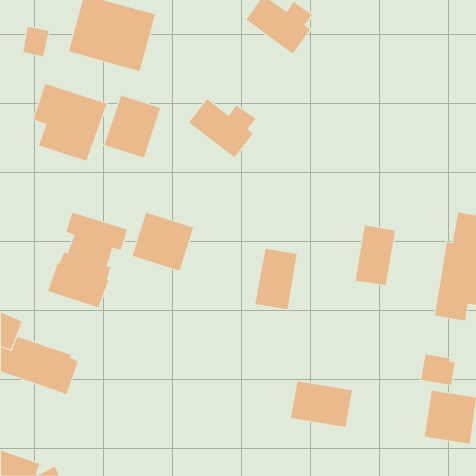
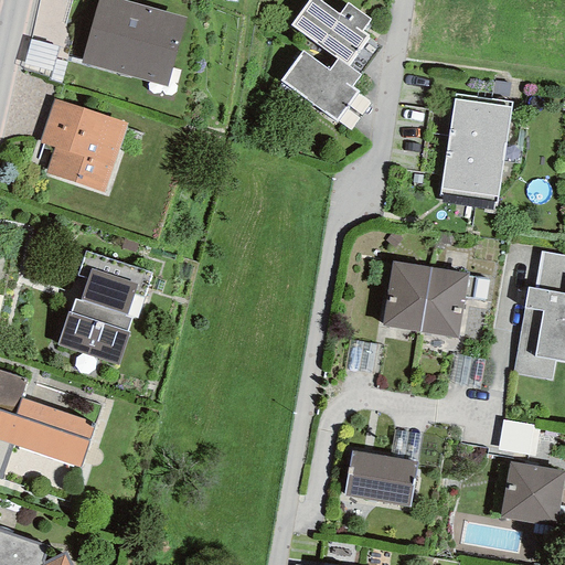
building: none -> [440,94,512,202]
building: [104,95,161,159] -> none
building: [188,98,256,158] -> [281,50,362,120]
building: [132,212,194,272] -> none
building: [255,248,297,310] -> [381,259,431,332]

